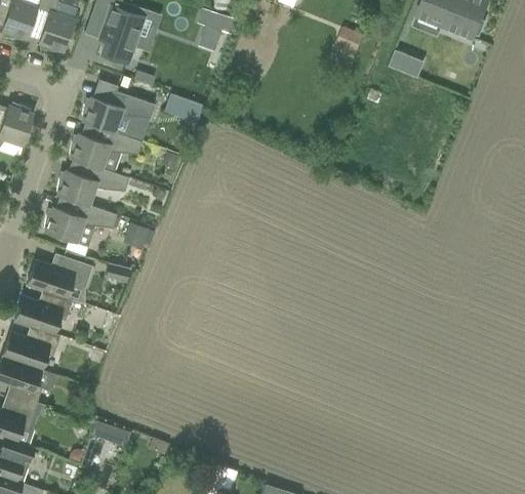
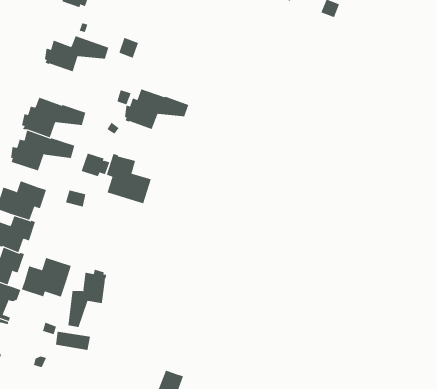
building: [69,123,142,169] -> [124,88,189,130]
building: none -> [106,153,152,204]
building: none -> [21,257,71,298]
building: none -> [68,269,107,328]

